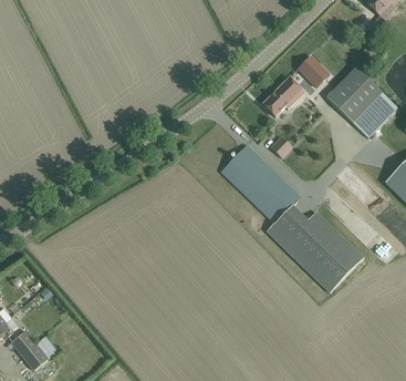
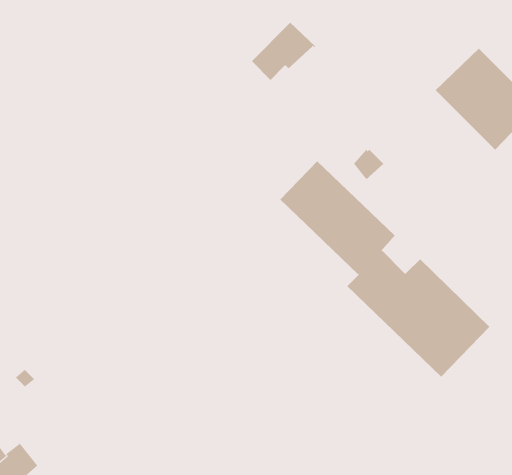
building: [296,55,329,86] -> none
building: [261,76,305,116] -> [251,22,316,81]

